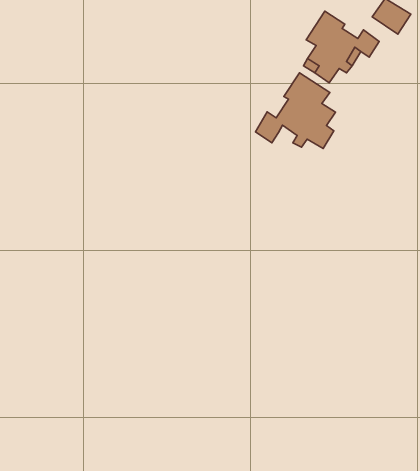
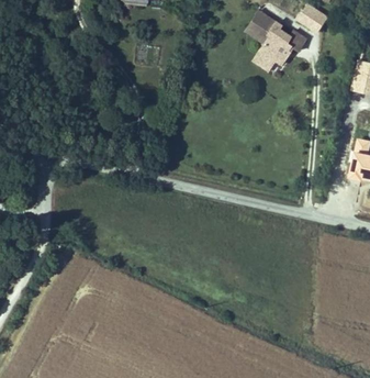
building: [255,73,336,149] -> none

